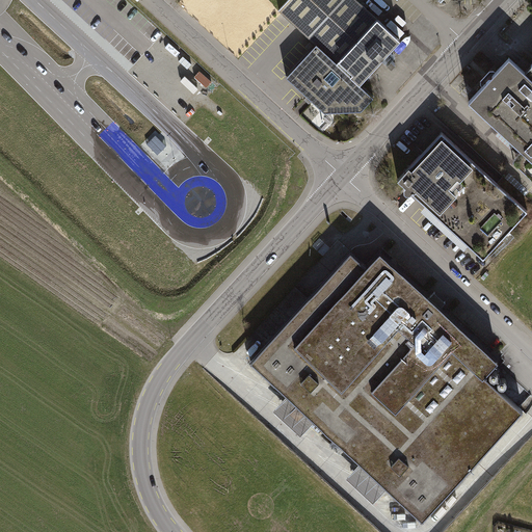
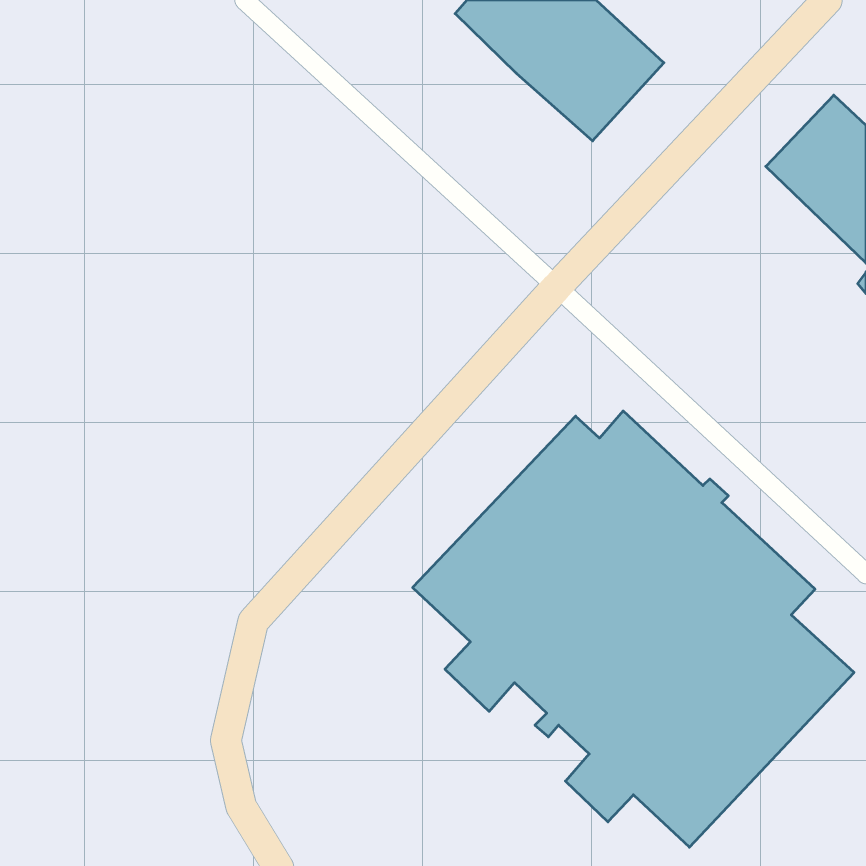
building: [286,46,373,113] -> none
building: [397,133,526,270] -> none

